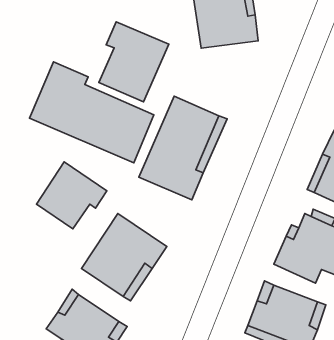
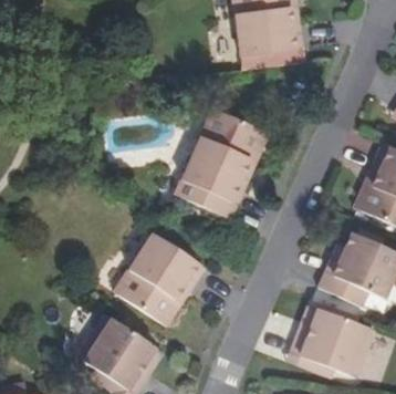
building: [99,22,169,102] -> none
building: [29,62,154,163] -> none
building: [37,162,107,229] -> none

